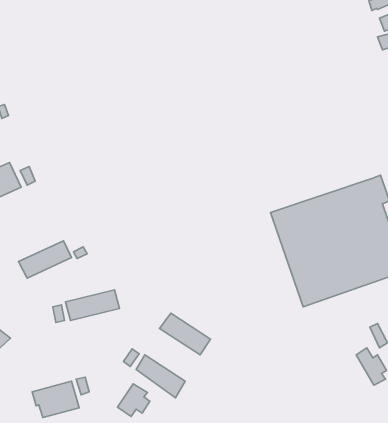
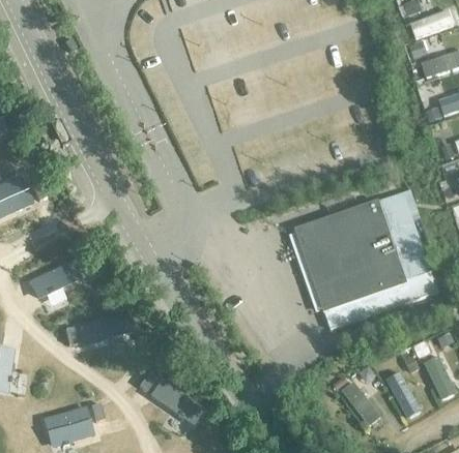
building: [159,313,211,355] -> none
building: none -> [340,380,379,426]
building: [118,384,150,417] -> none

